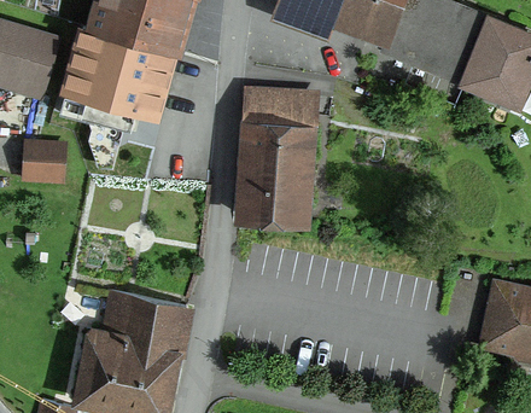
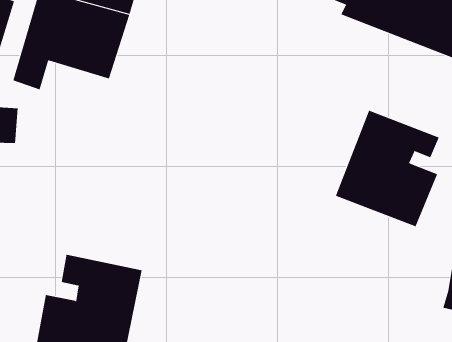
building: [241,94,317,222] -> none
building: none -> [335,110,439,227]

